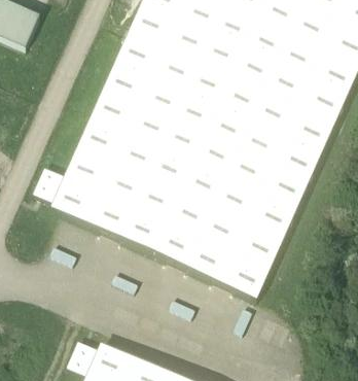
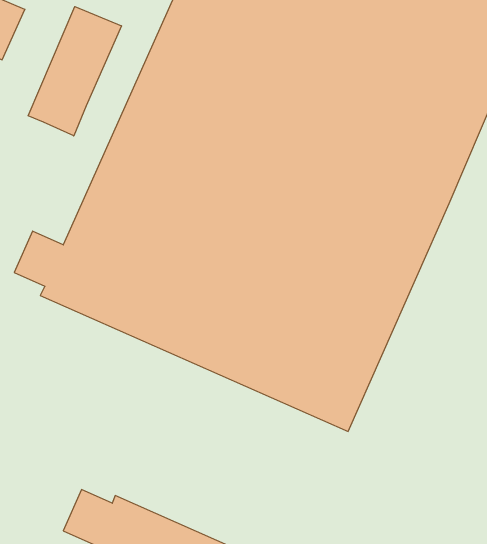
building: none -> [28,7,121,136]

